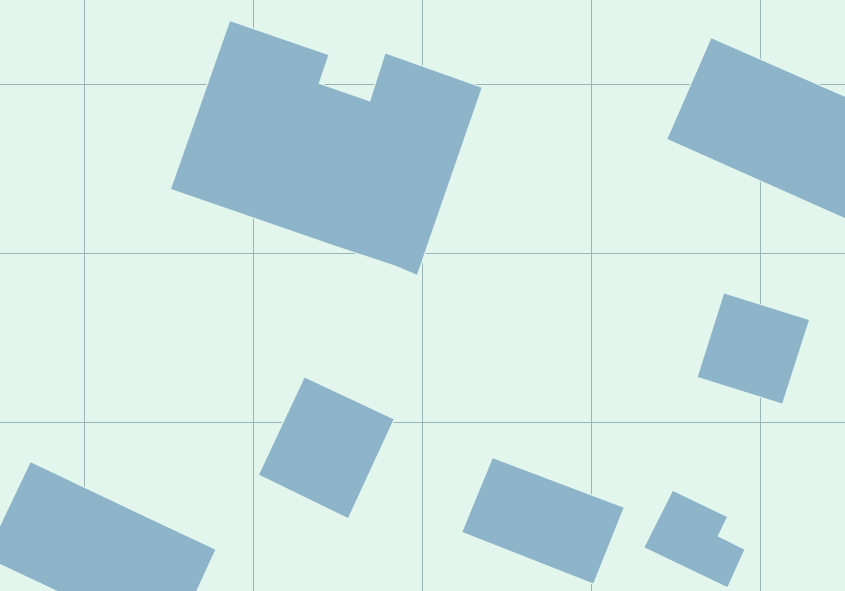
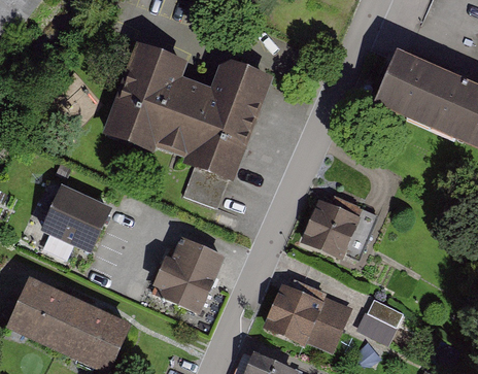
building: none -> [180,163,225,204]
building: none -> [38,183,110,253]
building: [697,293,810,404] -> [301,193,362,252]

